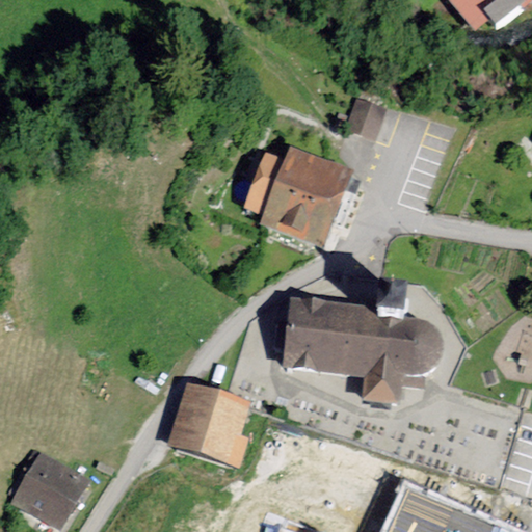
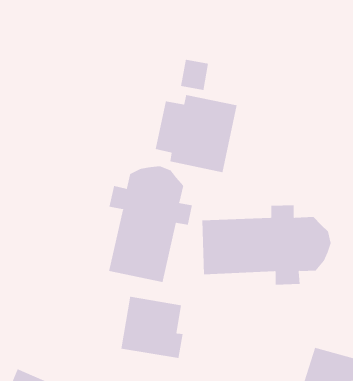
building: [346,97,384,138] -> [180,59,209,91]
building: none -> [109,166,193,283]

